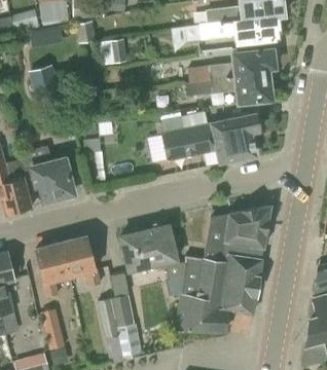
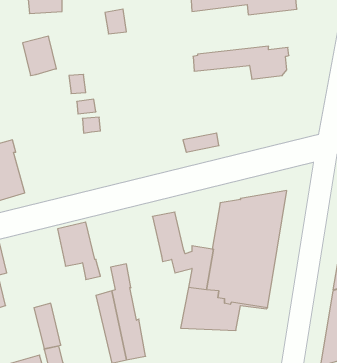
building: [188,49,278,81] -> none
building: [161,113,260,162] -> none
building: [19,145,74,200] -> none
building: [119,229,156,271] -> none
building: [38,240,69,298] -> none

